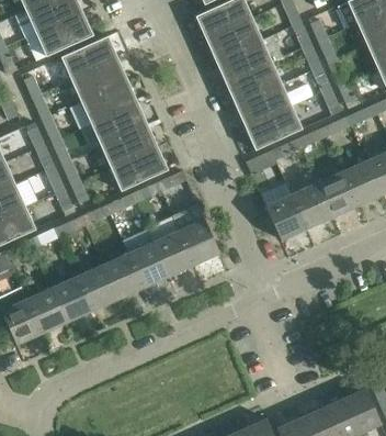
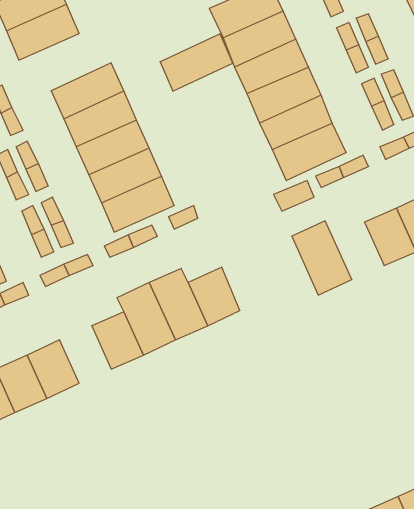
building: [60,35,117,80] -> [160,34,233,91]
building: [291,183,331,228] -> none
building: [77,265,117,310] -> none

